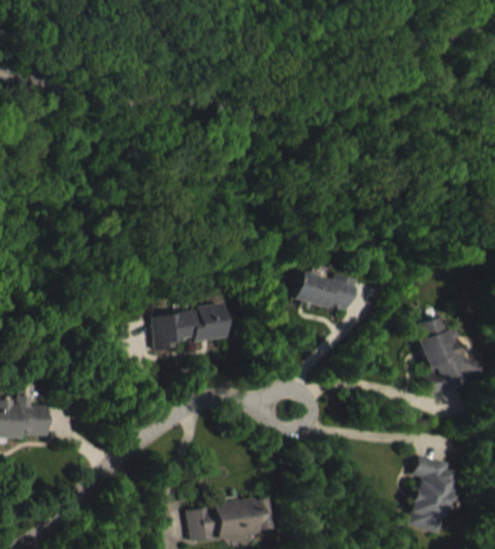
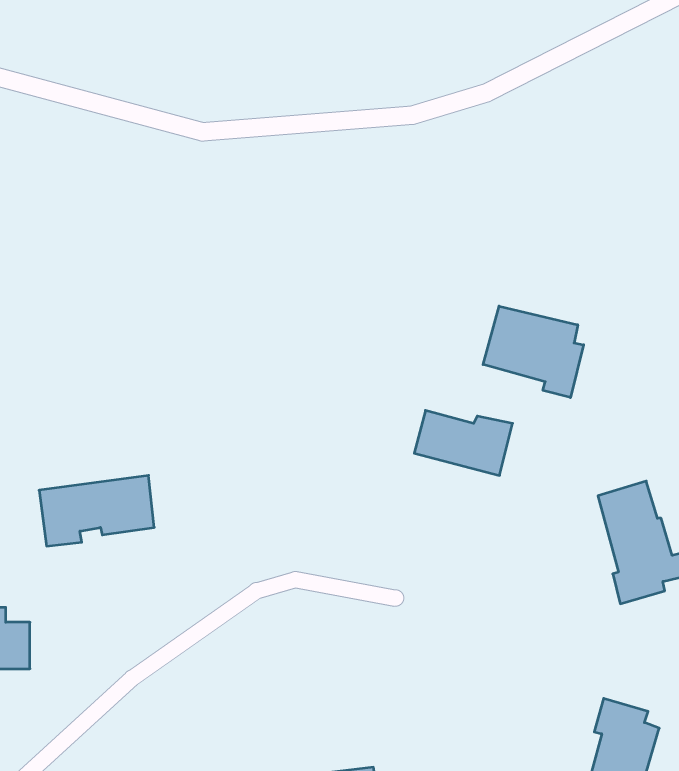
building: none -> [483,306,584,398]
building: [156,304,230,349] -> [39,475,154,546]

